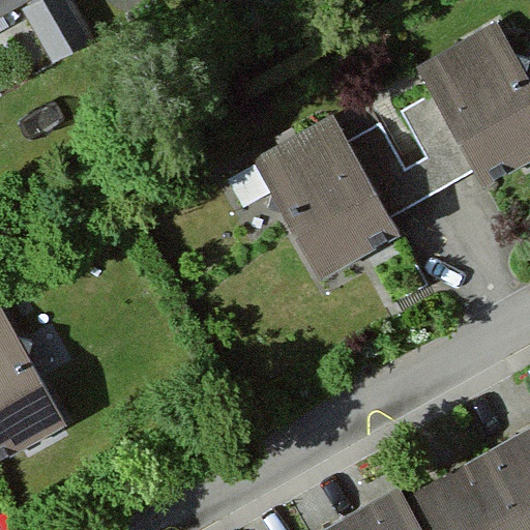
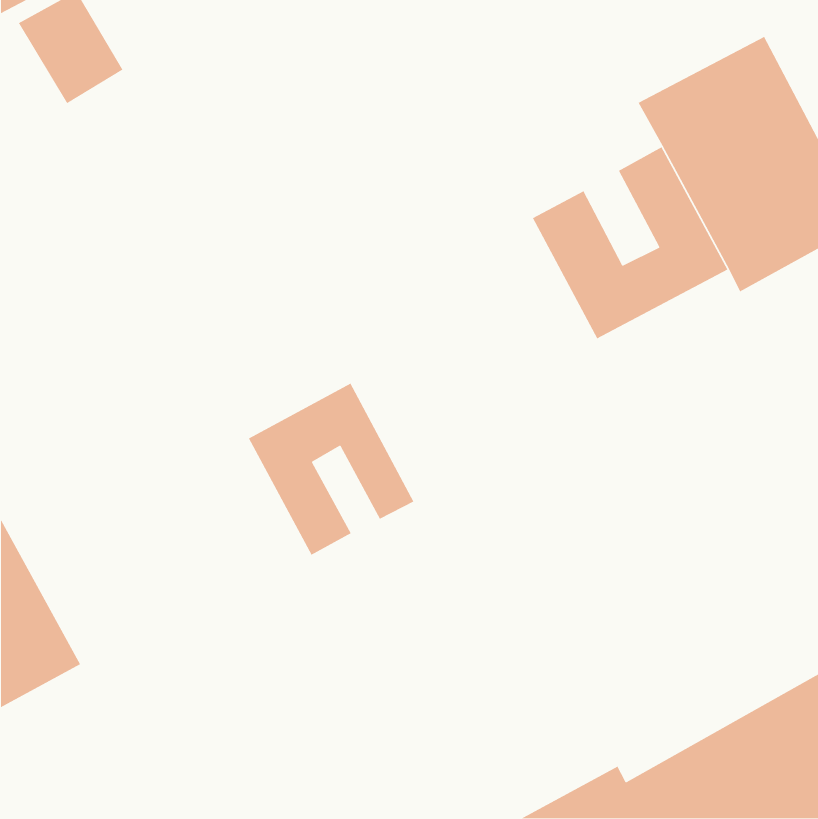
building: [228,115,399,278] -> none
building: none -> [248,382,415,556]

